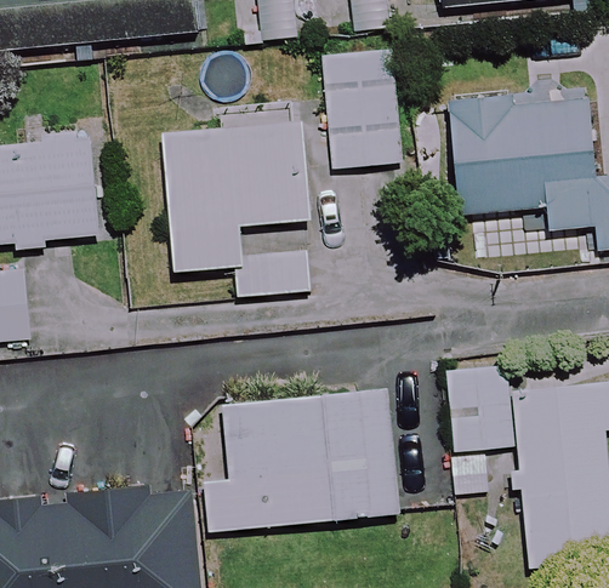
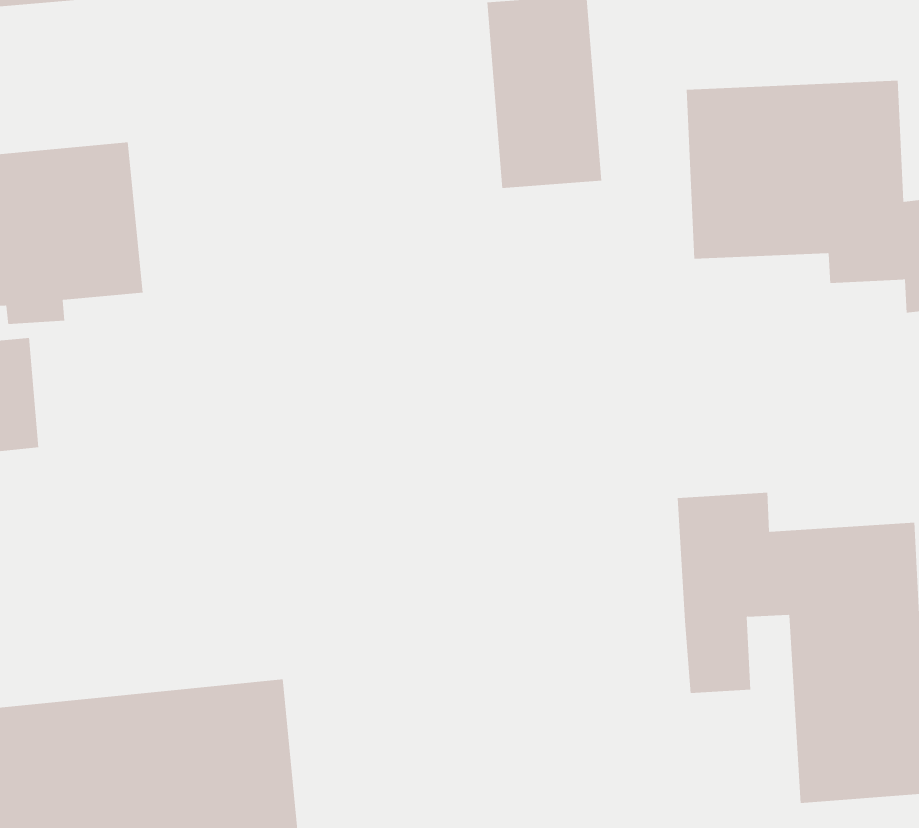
building: [163,121,313,297] -> none
building: [204,387,399,553] -> none

